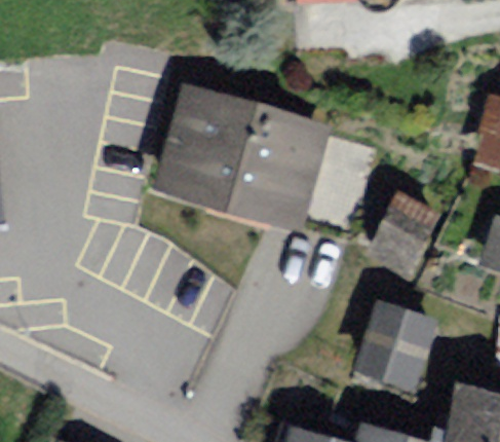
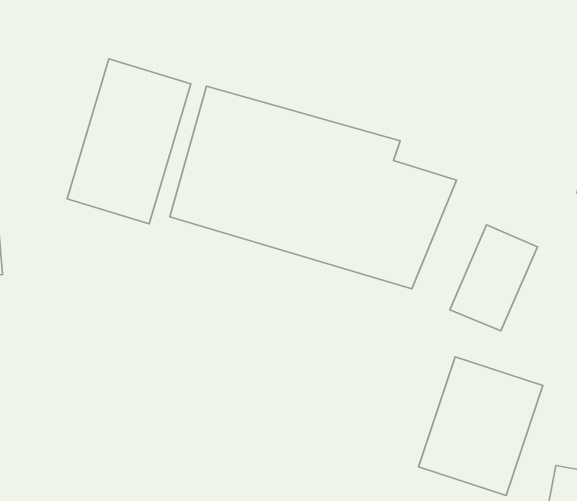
building: none -> [67,59,191,224]

